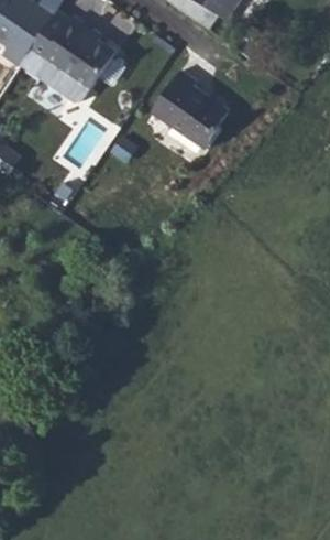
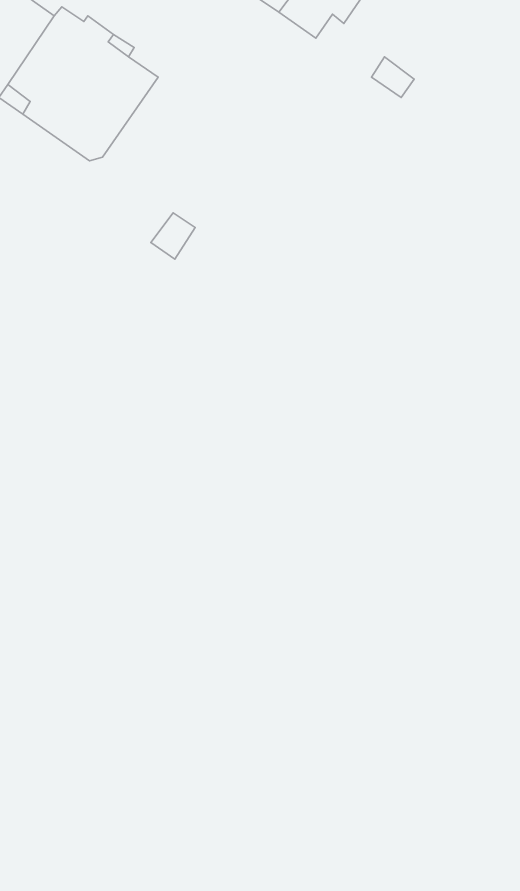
building: [152,69,228,148] -> none

